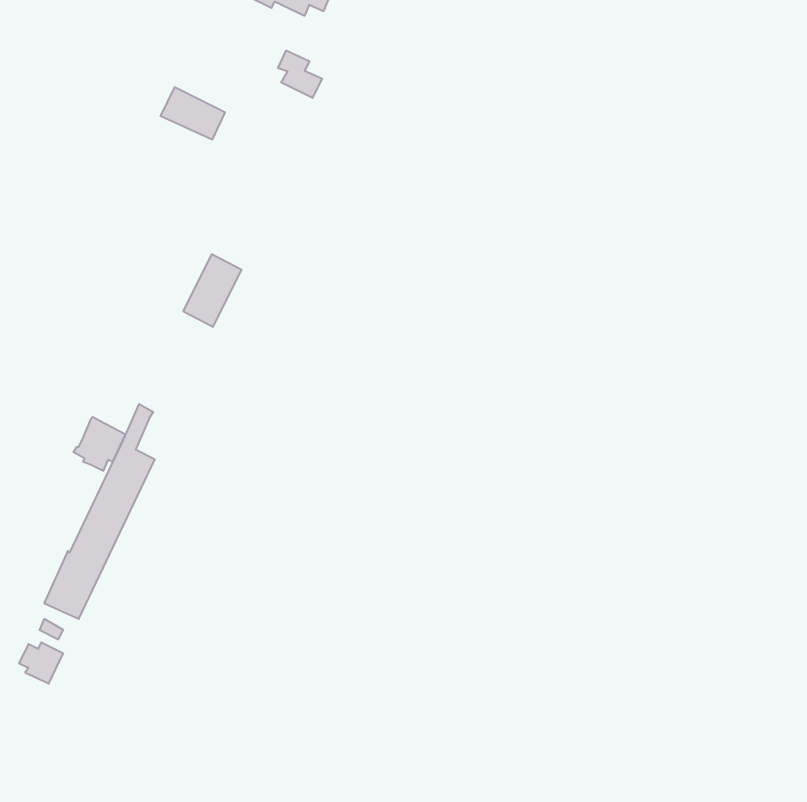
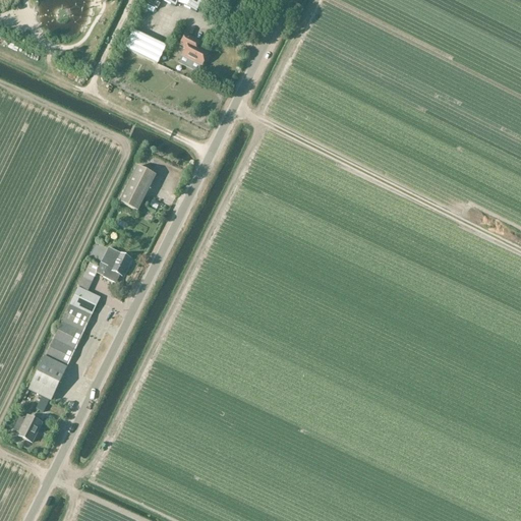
building: [160,87,225,139] -> [124,28,166,62]
building: [73,417,126,471] -> [97,246,130,281]

